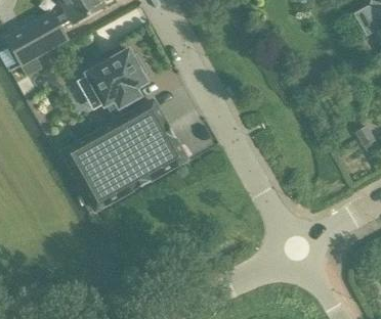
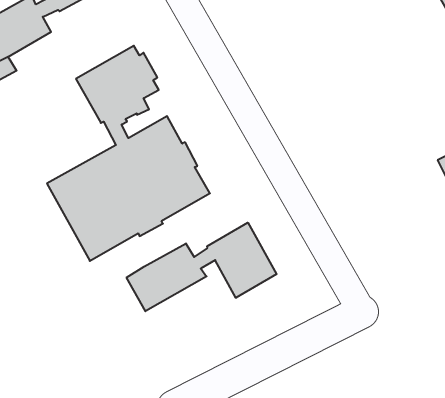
building: none -> [127,223,277,311]

